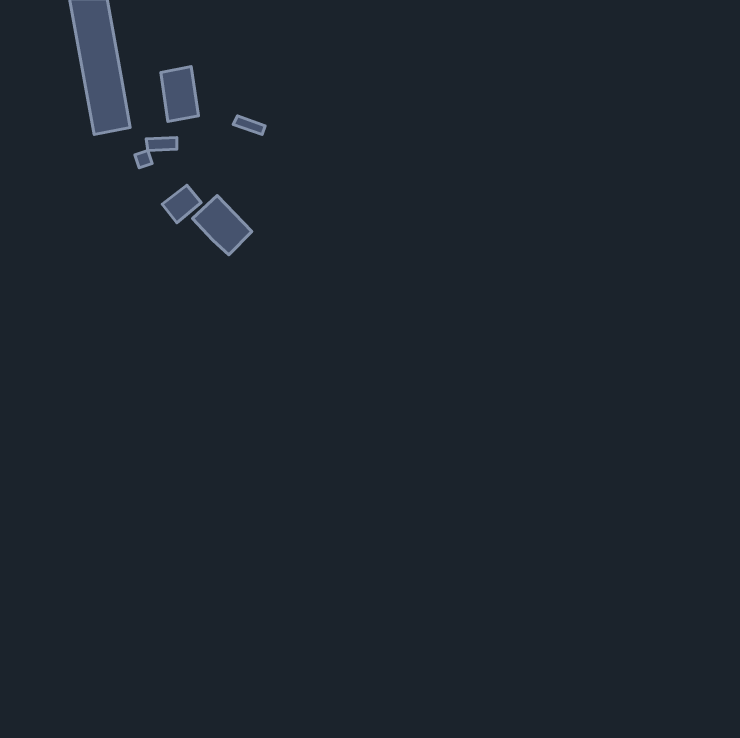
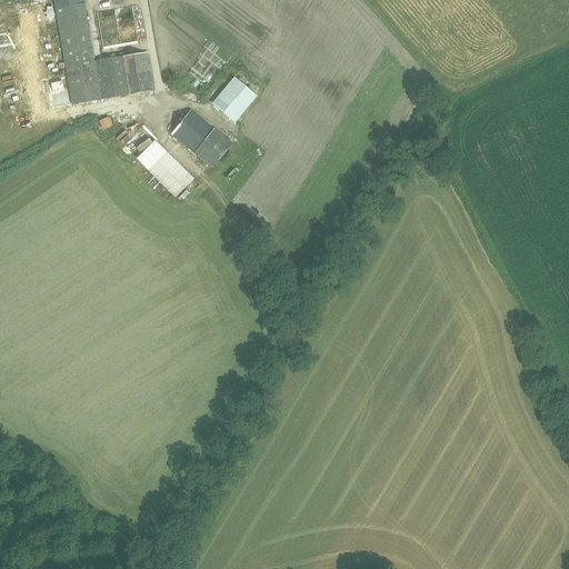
building: none -> [93,56,128,98]
building: none -> [216,80,251,118]
building: none -> [171,110,231,167]

